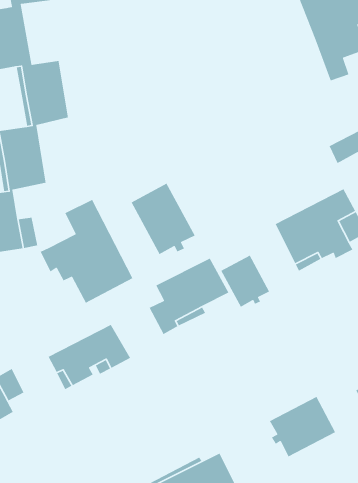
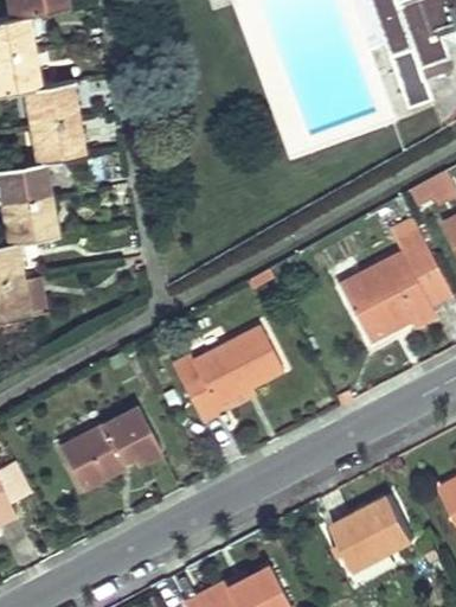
building: [130,183,196,255] -> none
building: [40,199,133,304] -> none
building: [220,254,270,308] -> none

